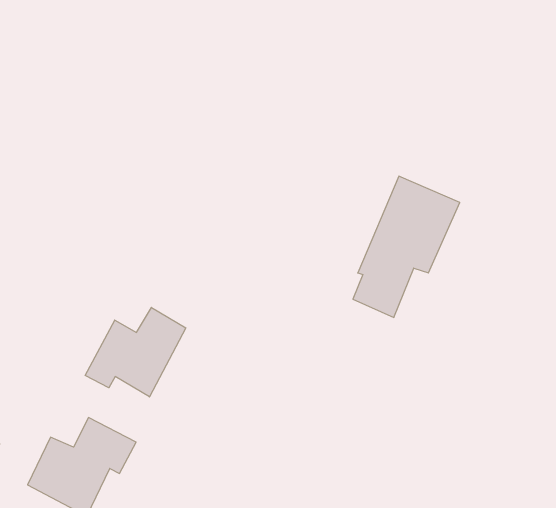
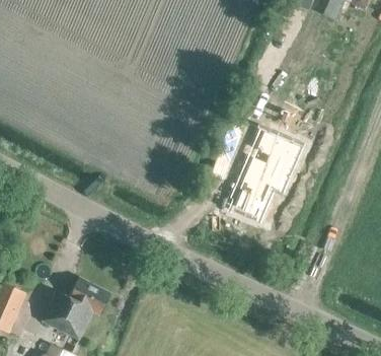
building: [85,307,186,397] -> none

